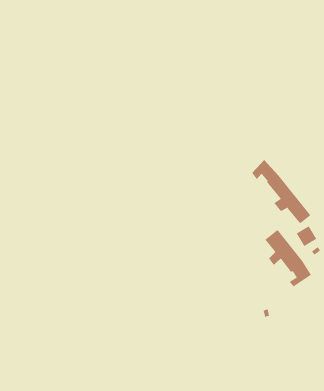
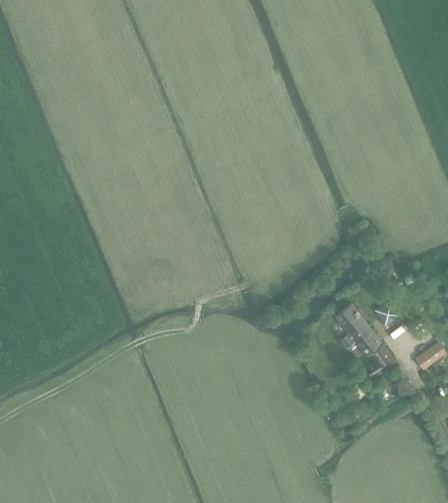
building: [251,159,311,224] -> none

